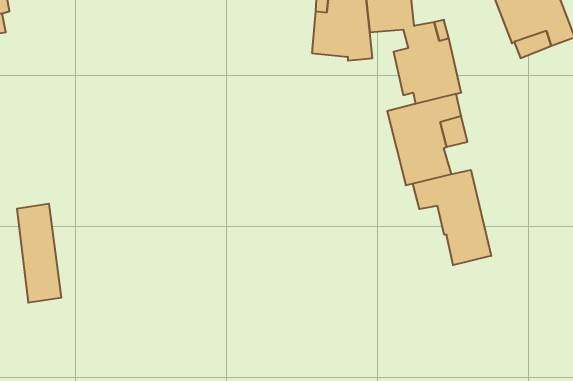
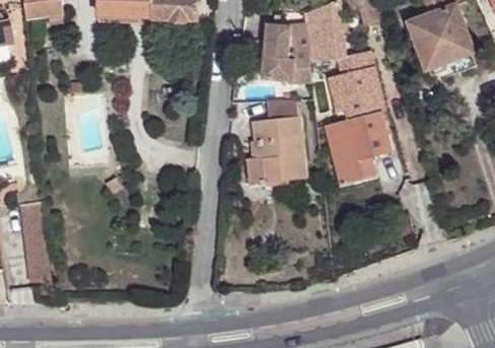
building: none -> [249,98,305,183]
building: [413,170,491,265] -> none

